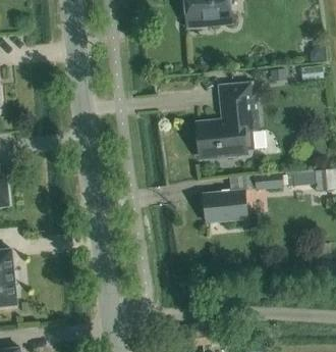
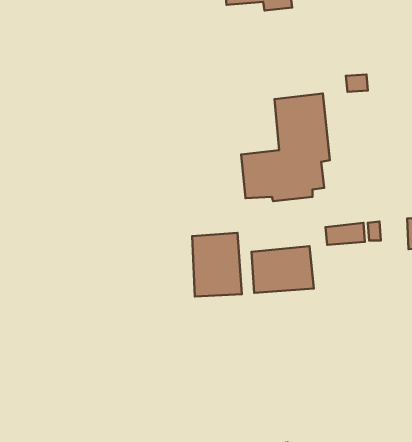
building: none -> [192,233,242,296]

